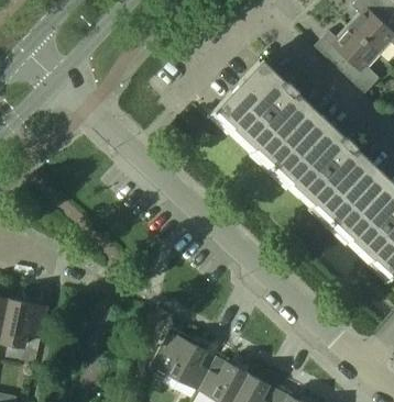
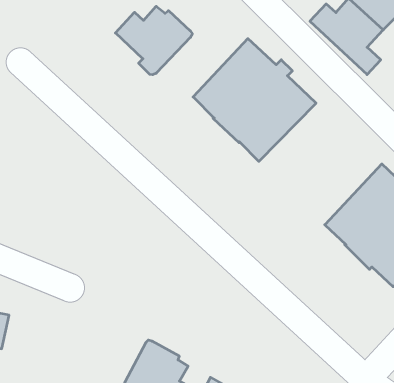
building: none -> [115,6,192,75]
building: [270,119,379,226] -> none

